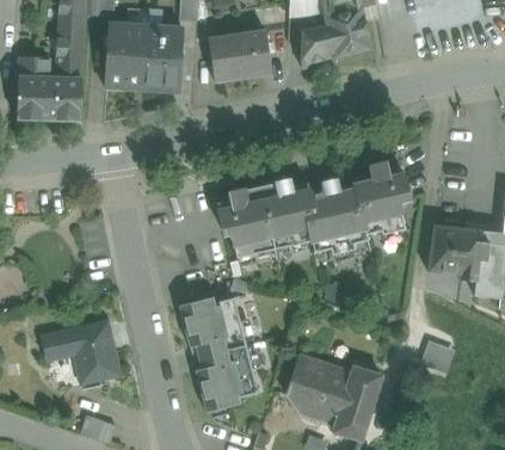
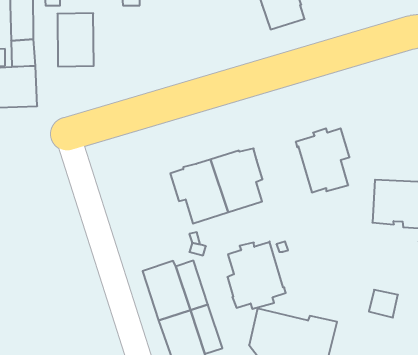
building: [143,27,184,86] -> none
building: [209,31,271,81] -> none
building: [300,32,334,67] -> none
building: [307,185,368,255] -> [227,241,286,309]
building: [42,322,119,383] -> none

